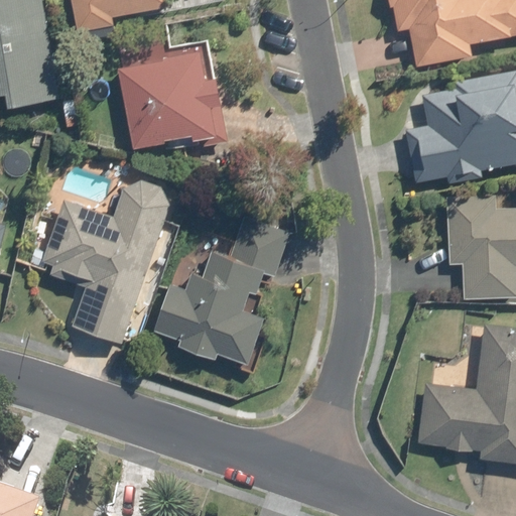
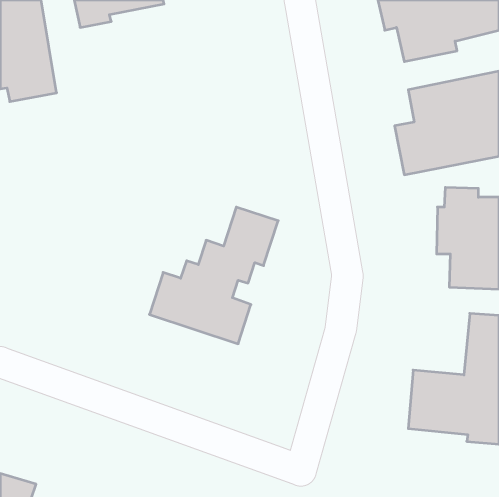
building: [115,49,226,151] -> none
building: [39,181,168,341] -> none

